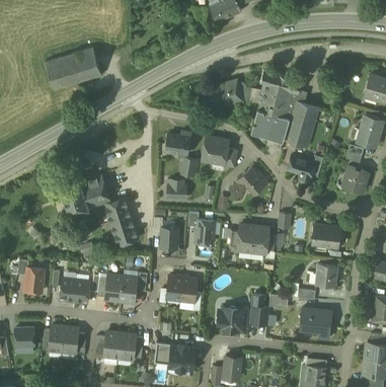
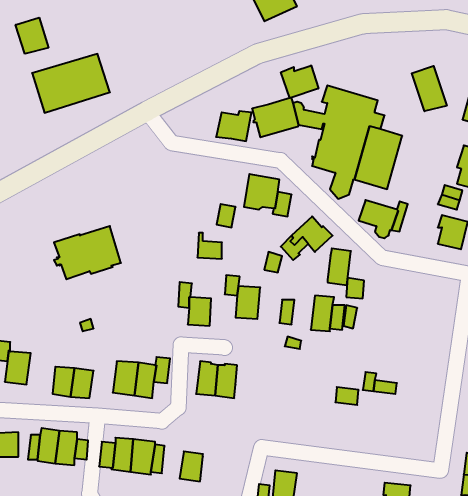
building: none -> [16,18,48,54]
building: none -> [281,65,318,98]
building: none -> [412,66,447,111]
building: [164,132,190,154] -> [216,111,252,141]
building: [103,197,138,245] -> none
building: [237,224,254,251] -> [328,248,351,285]
building: [312,224,339,248] -> none
building: [316,263,337,286] -> none
building: [250,294,268,325] -> none
building: [217,306,246,331] -> none
building: [300,308,331,337] -> none
building: [169,343,195,370] -> none

